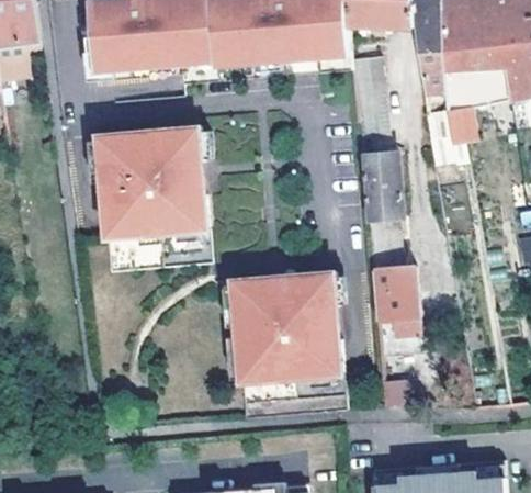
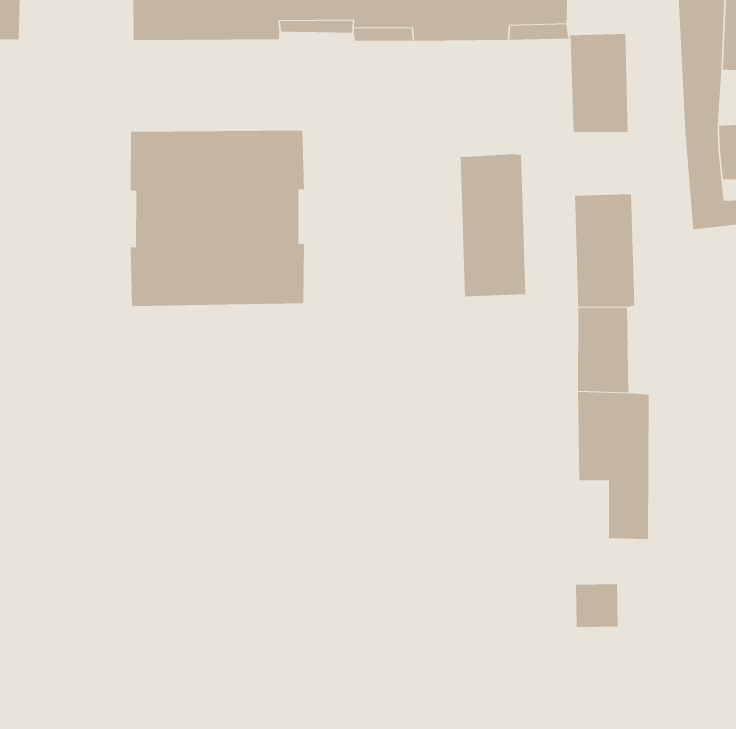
building: none -> [460,153,526,297]
building: [229,271,340,381] -> none

